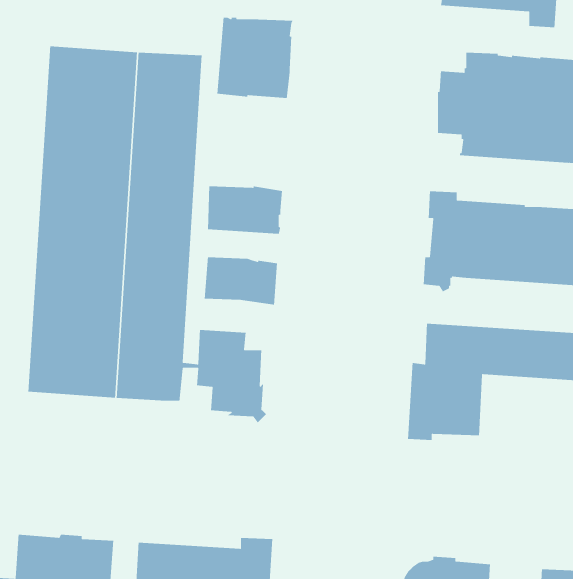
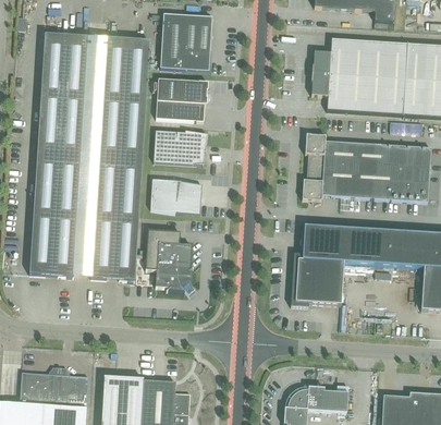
building: none -> [156,77,208,121]

